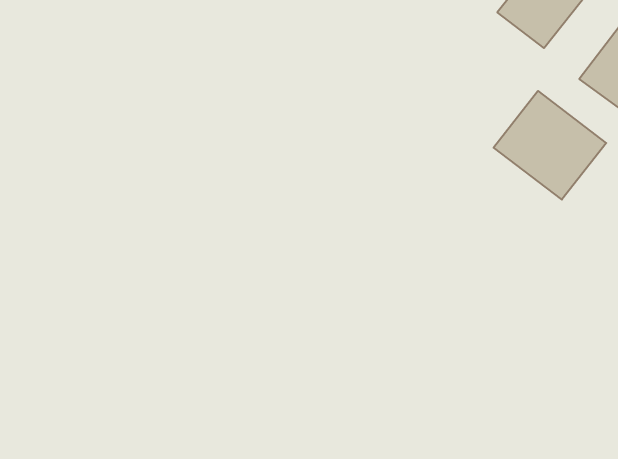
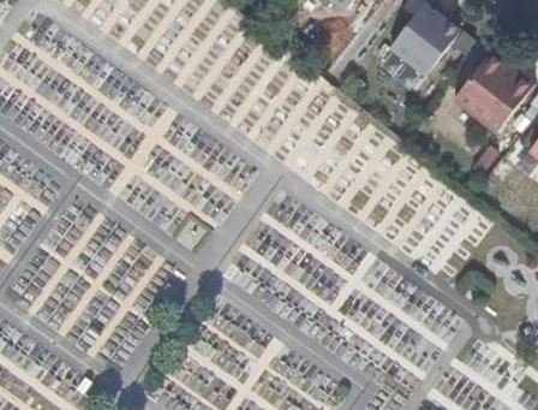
building: [494,91,606,200] -> none

